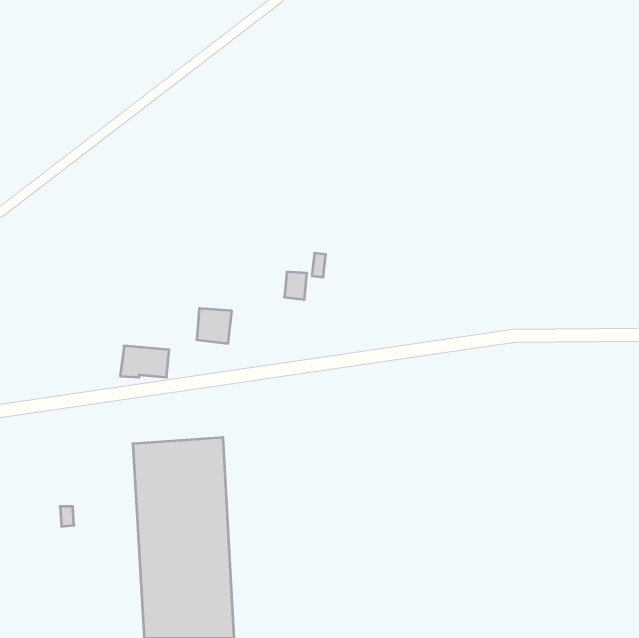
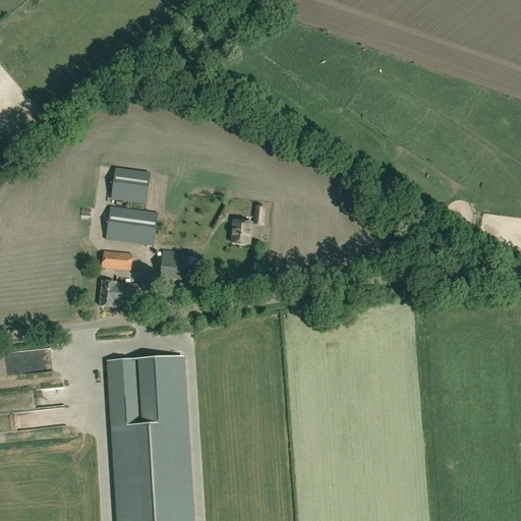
building: none -> [111,167,149,202]
building: none -> [105,207,157,245]
building: none -> [102,249,131,270]

